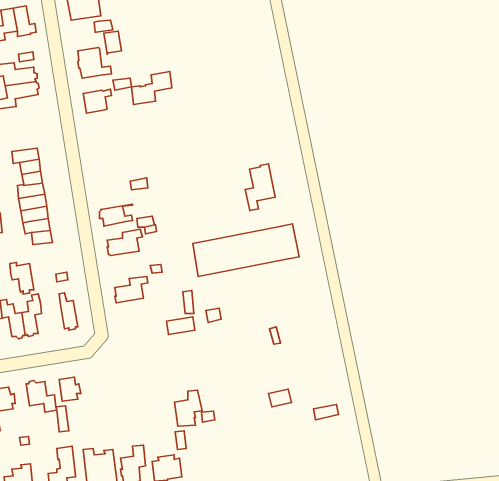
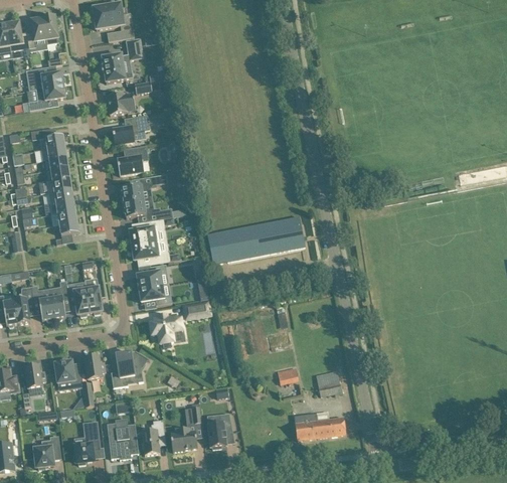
building: [131,72,172,104] -> [113,114,150,144]
building: none -> [39,127,65,149]
building: none -> [117,146,148,174]
building: [245,164,275,210] -> none
building: none -> [121,183,153,202]
building: none -> [132,240,167,262]
building: [10,262,34,294] -> [68,287,91,316]
building: none -> [138,284,172,305]
building: none -> [151,314,182,346]
building: none -> [112,350,145,386]
building: [175,390,202,426] -> [208,413,233,446]
building: none -> [295,412,346,440]

